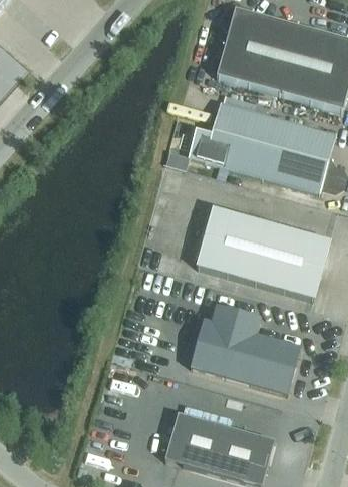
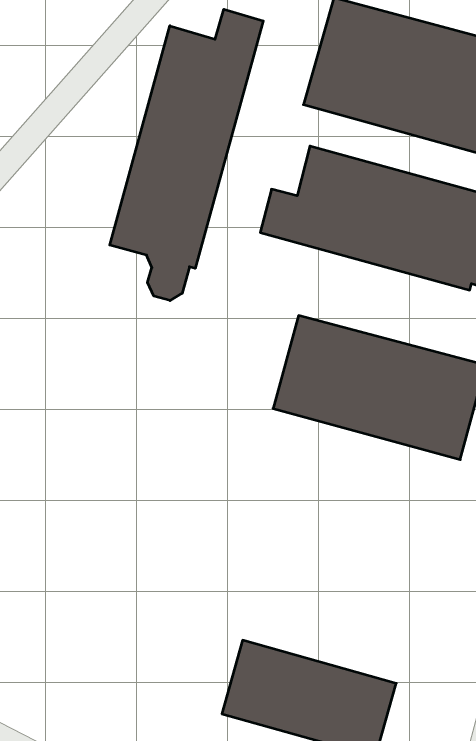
building: none -> [110,9,263,301]
building: [191,303,300,392] -> none

